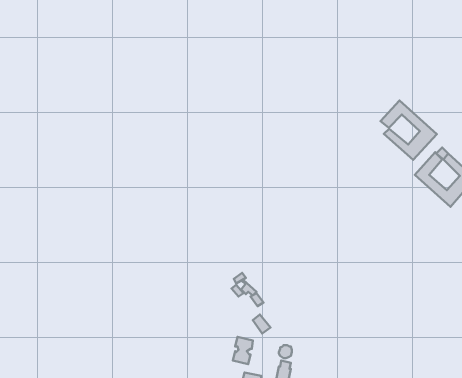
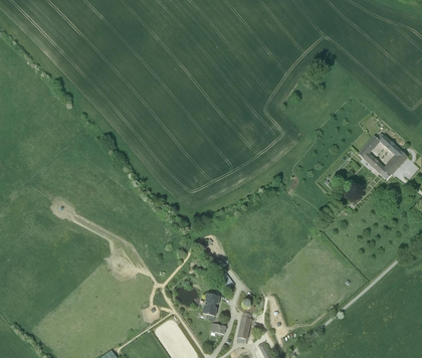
building: [381,100,437,160] -> none

